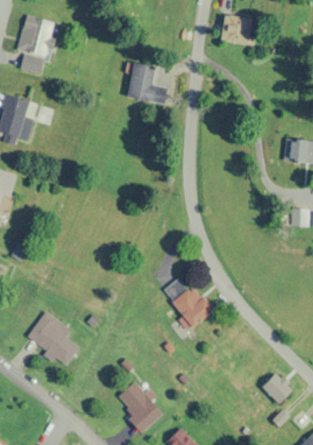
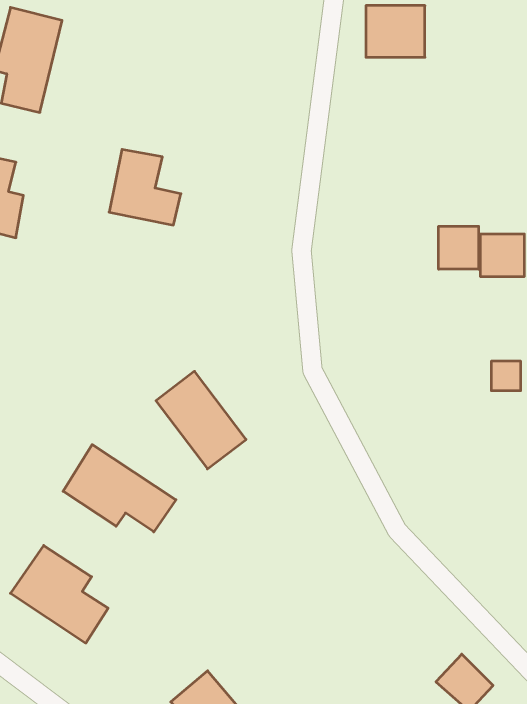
building: [127,63,167,105] -> [109,149,181,225]
building: none -> [439,226,479,269]
building: none -> [63,445,176,532]
building: [162,274,211,328] -> [156,371,246,469]

